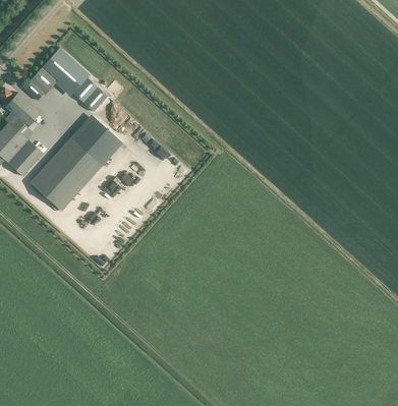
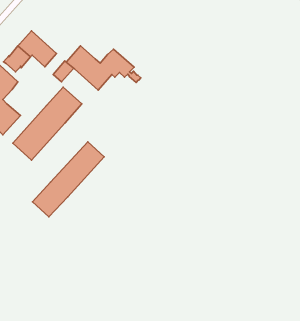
building: none -> [66,46,141,90]
building: none -> [32,142,104,217]

